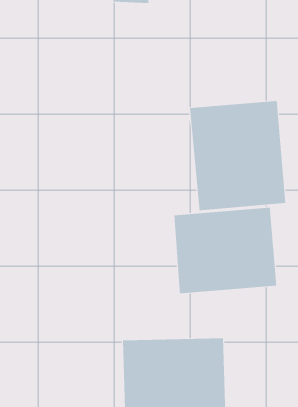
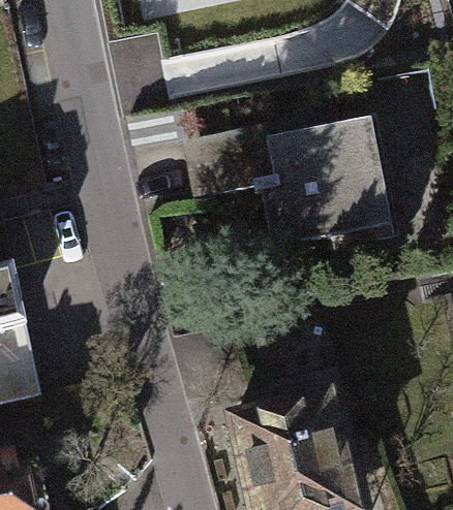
building: [174,207,277,294] -> none

